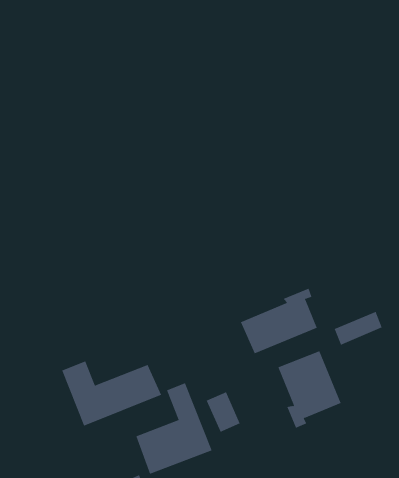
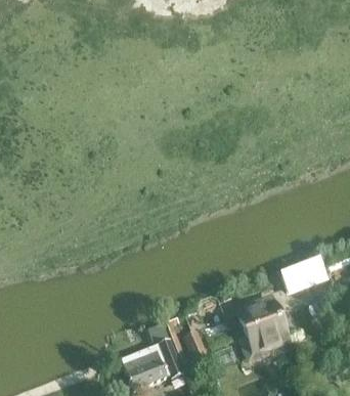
building: [240,288,318,354] -> none
building: [61,361,162,426] -> none

